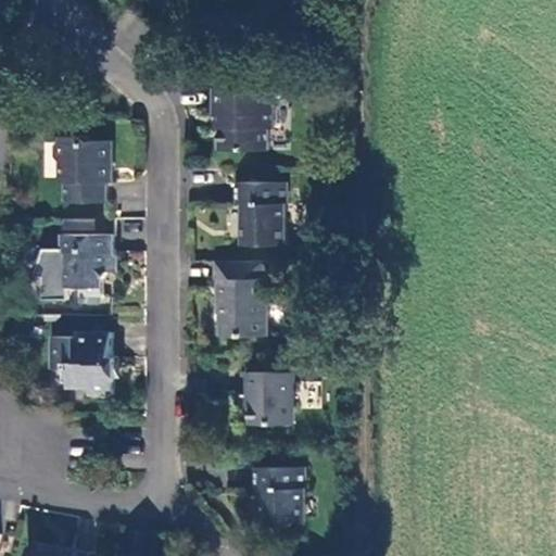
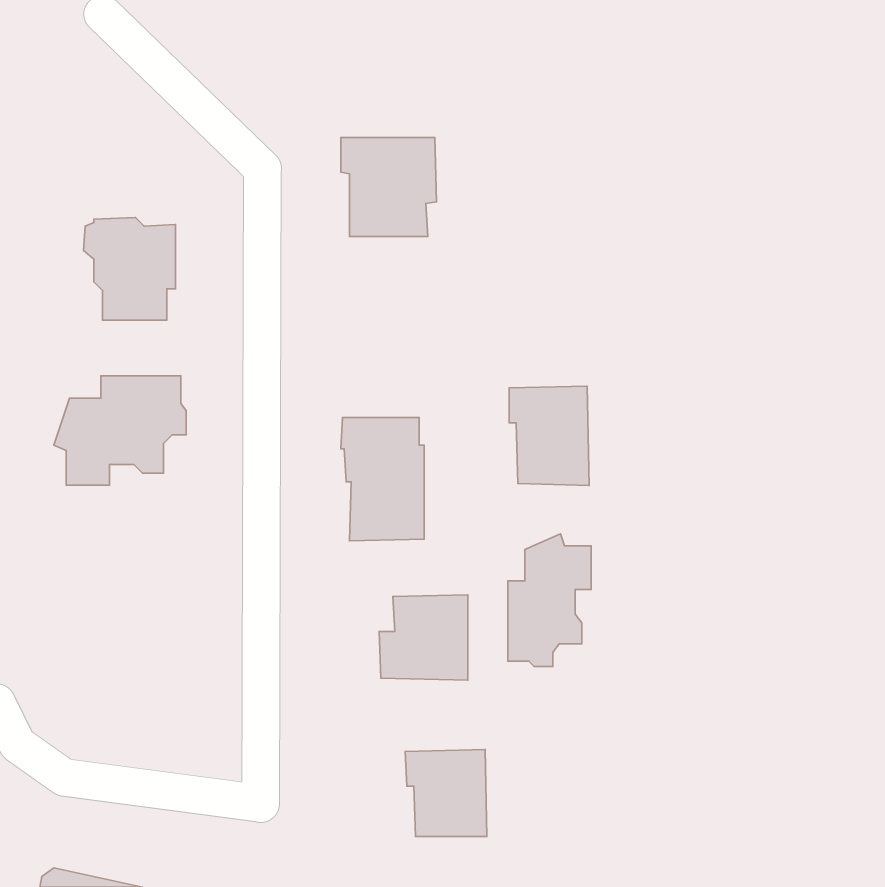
building: [235,182,285,244] -> [509,386,589,485]
building: [51,330,118,394] -> none
building: none -> [508,534,591,666]

